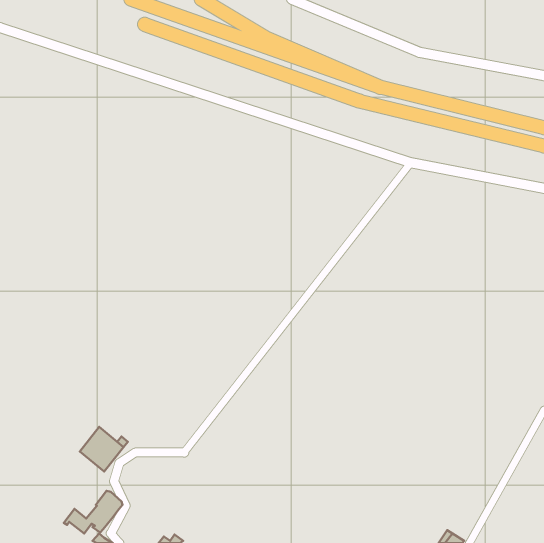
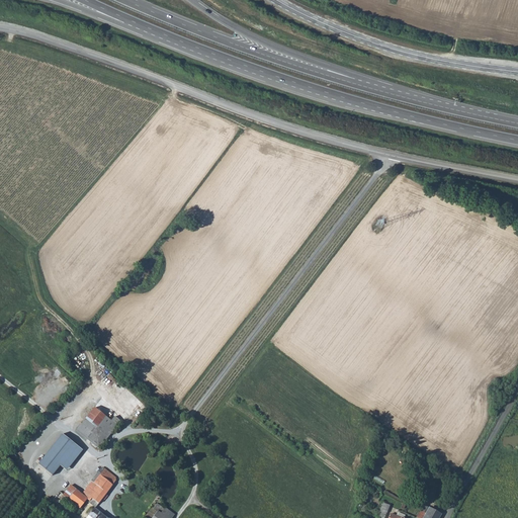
building: none -> [37,434,83,476]

